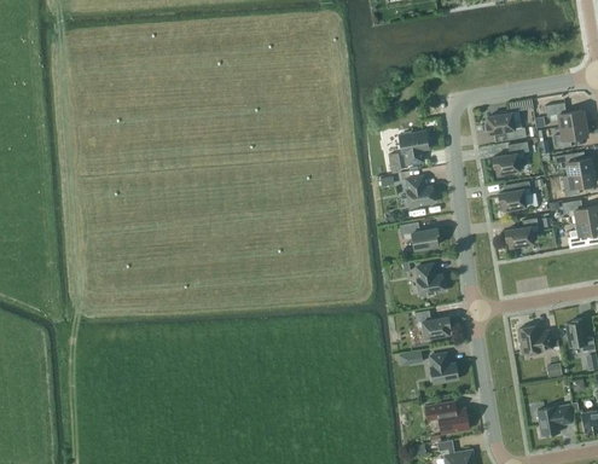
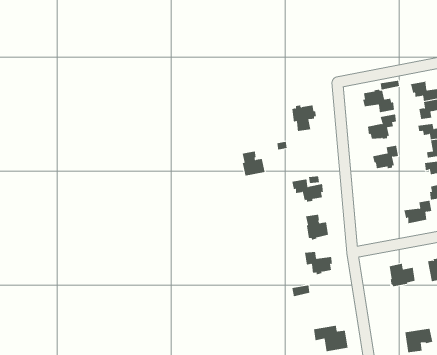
building: [406,175,435,207] -> [242,151,265,176]
building: [504,218,539,246] -> [404,200,432,224]
building: [430,353,458,383] -> none

